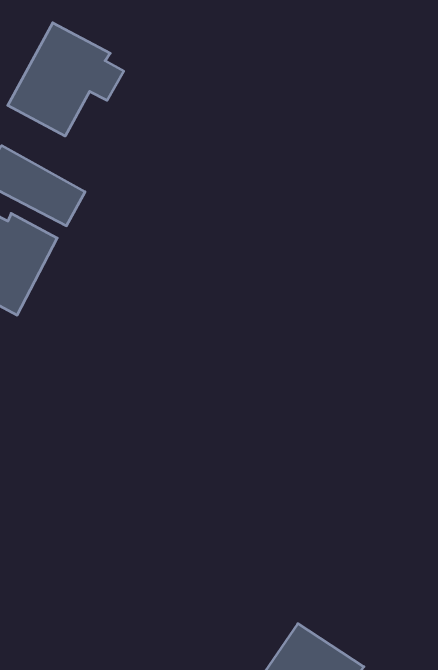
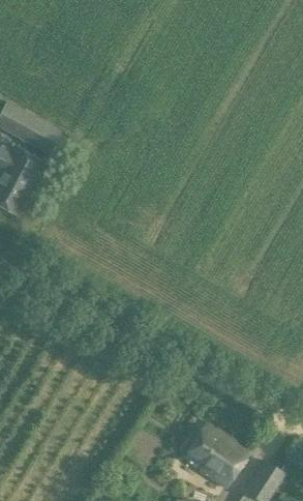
building: [8,23,124,136] -> none

